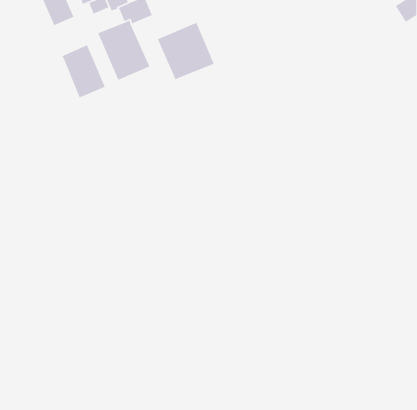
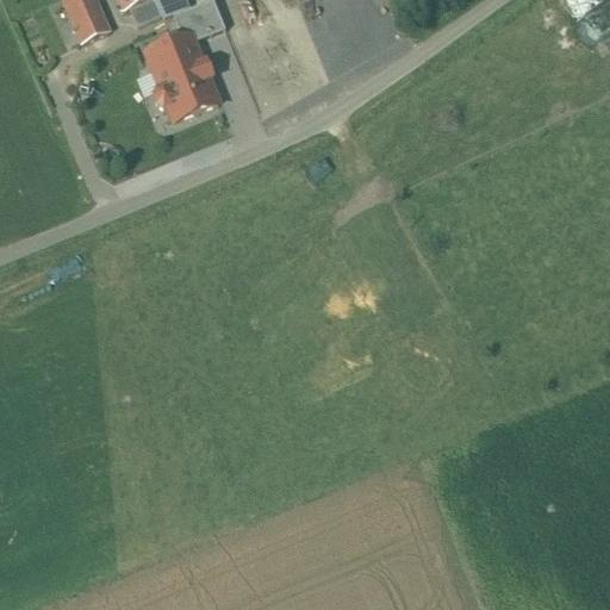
building: [157,22,215,81] -> none
building: [61,44,106,98] -> none

